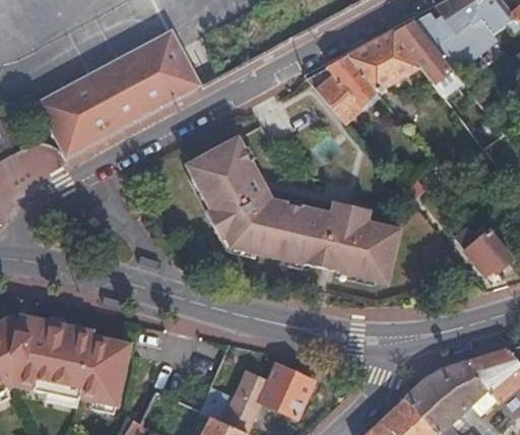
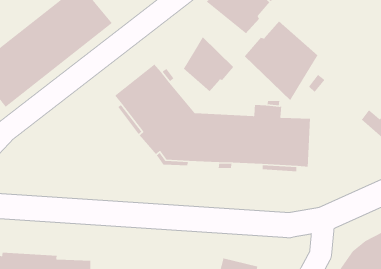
building: none -> [244,21,318,101]
building: none -> [183,36,234,92]

